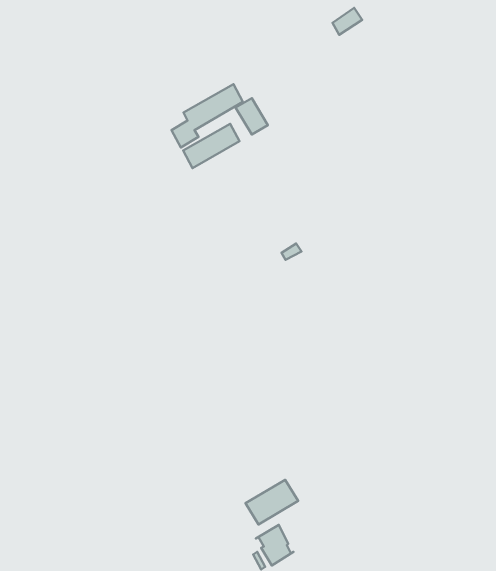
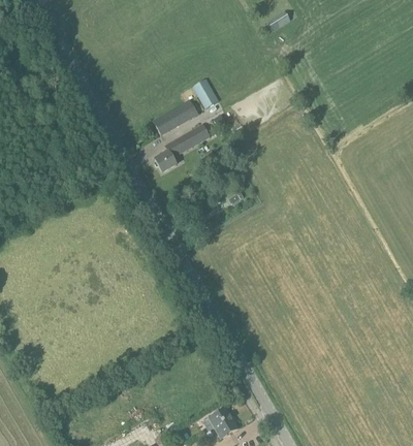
building: [171,84,243,148] -> [155,123,210,171]
building: [246,480,298,524] -> none

